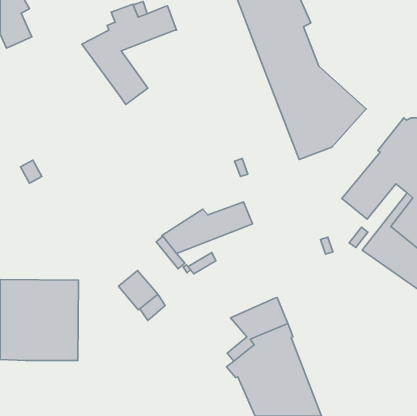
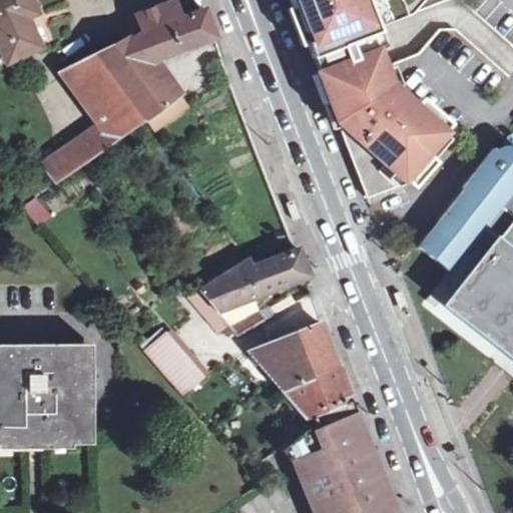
building: none -> [43,54,147,182]
building: none -> [250,323,338,390]

